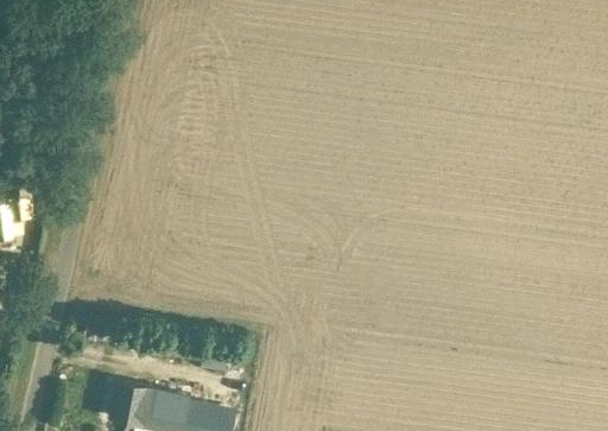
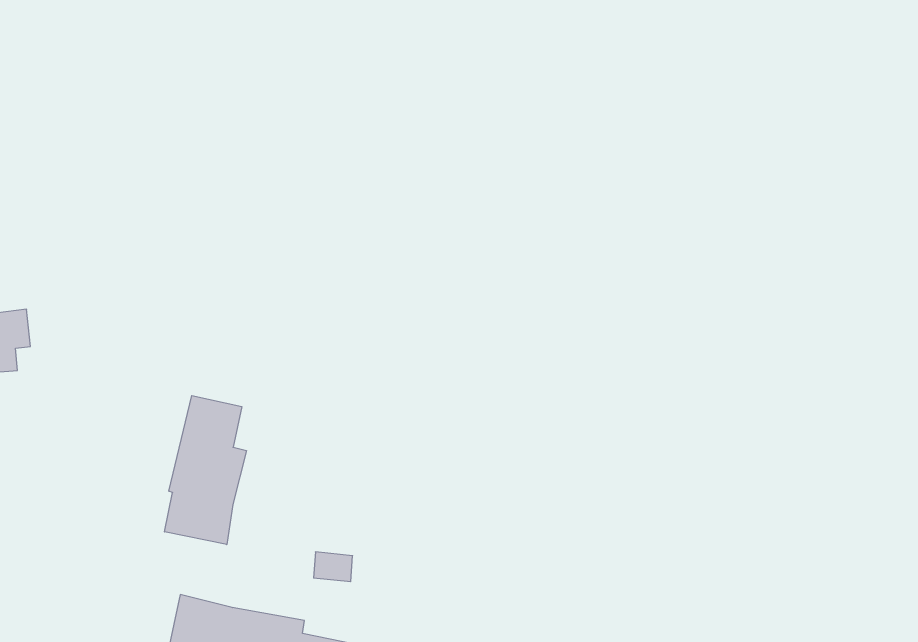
building: none -> [165,396,246,545]

